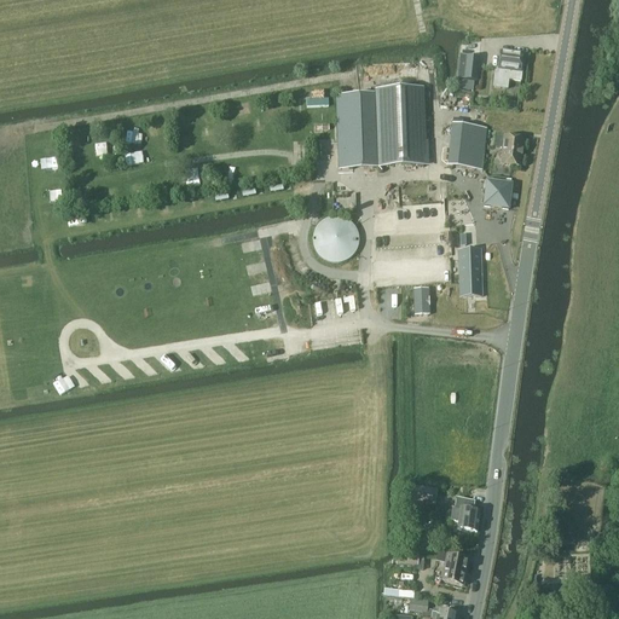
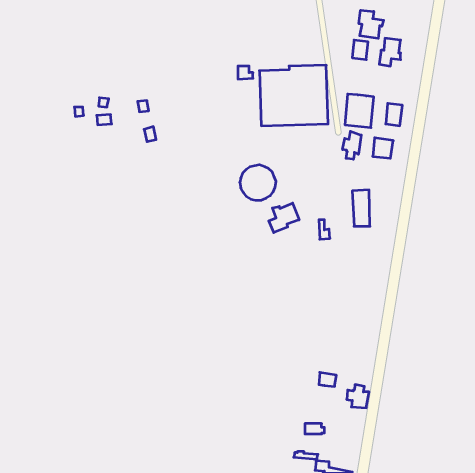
building: none -> [359,10,384,38]
building: none -> [343,131,361,159]
building: none -> [269,203,299,233]
building: [435,551,468,583] -> none

